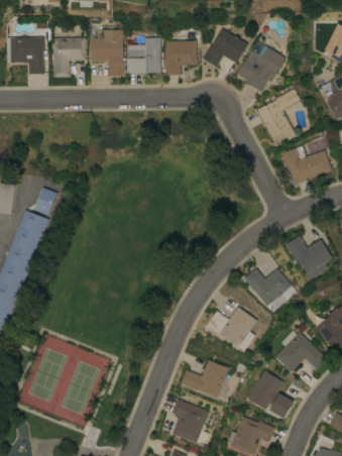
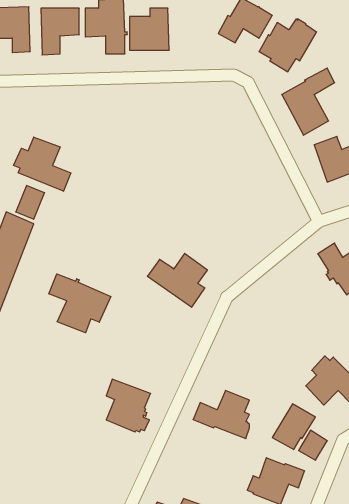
building: [164,40,197,75] -> none
building: none -> [13,137,71,191]
building: none -> [49,274,111,333]
building: [244,267,297,312] -> none
building: [207,306,257,351] -> [147,253,207,307]
building: [172,398,209,443] -> [106,379,151,432]

